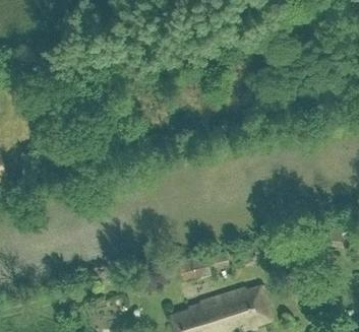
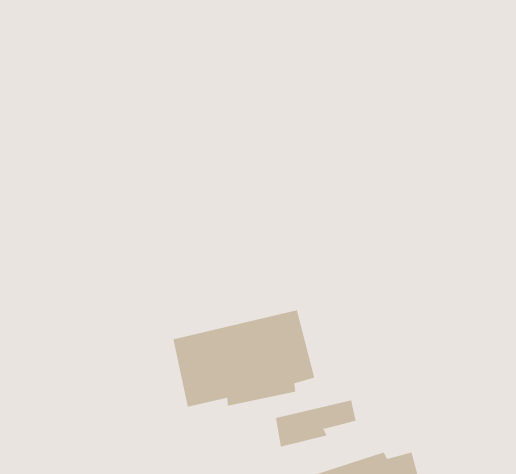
building: none -> [173,310,315,407]

